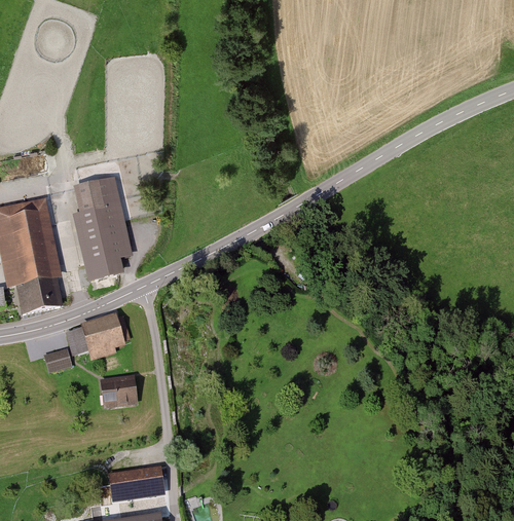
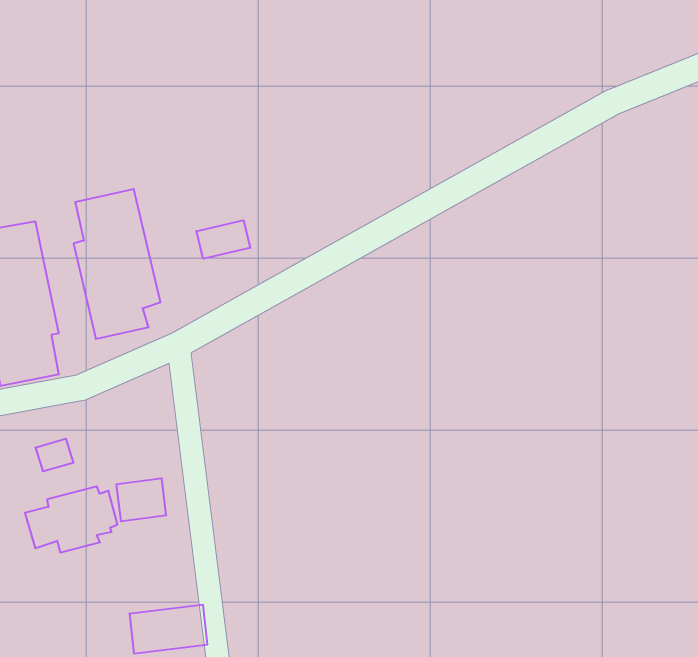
building: none -> [196,220,250,259]
building: [65,312,130,359] -> [25,486,117,552]

